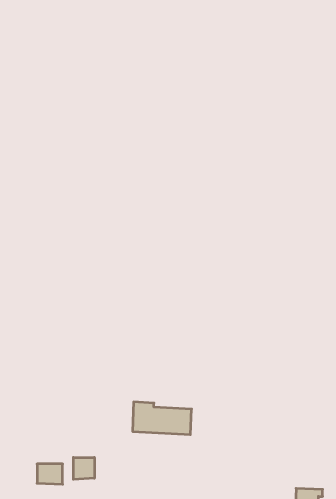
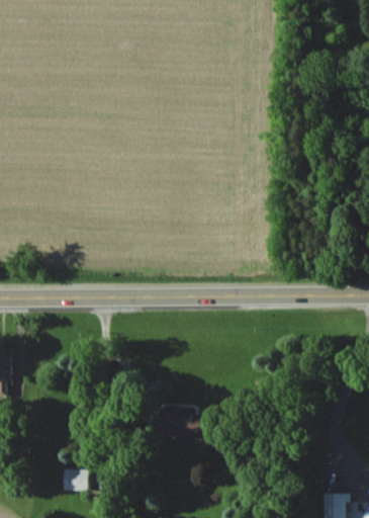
building: [73,457,94,479] -> none

